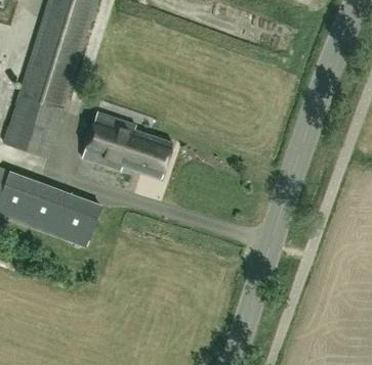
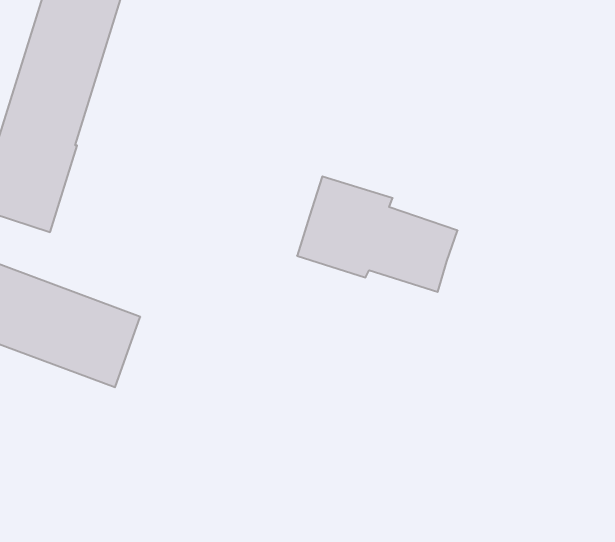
building: [81,112,172,178] -> [297,176,458,292]

